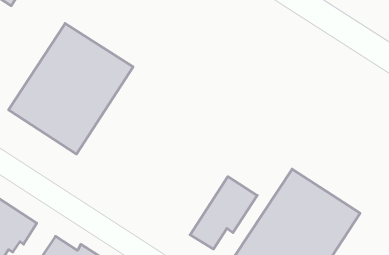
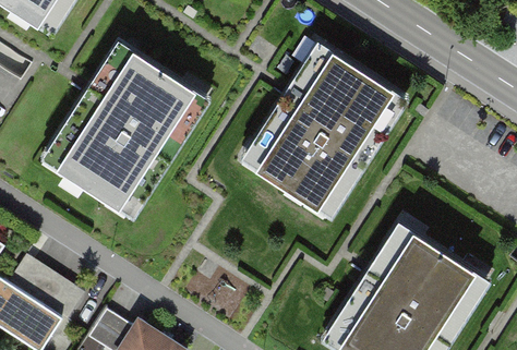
building: none -> [253,51,399,201]
building: [190,177,257,249] -> none

